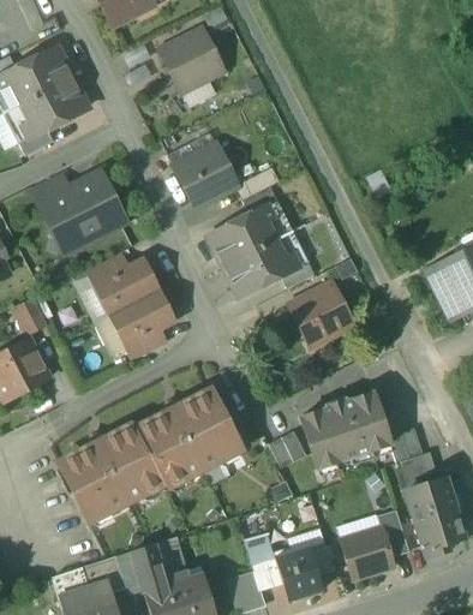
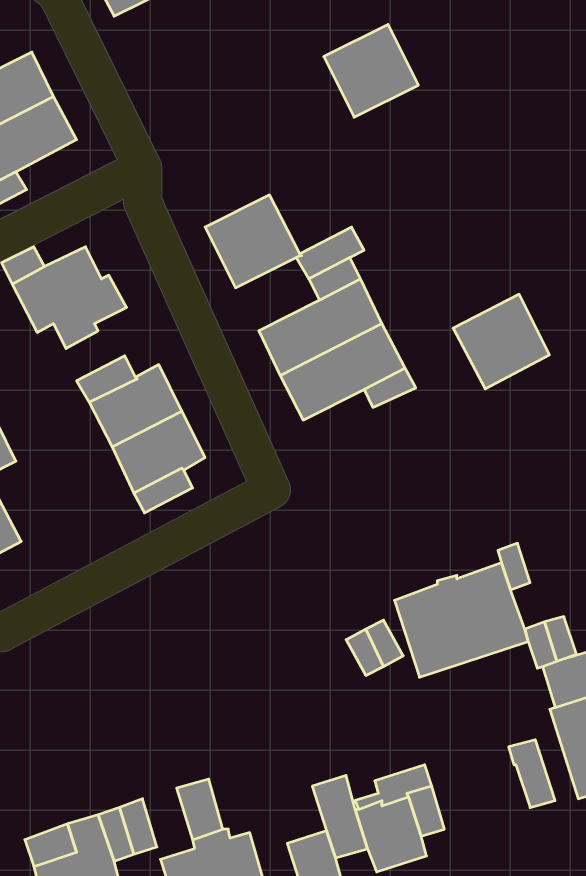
building: [160,29,223,91] -> [324,24,418,117]
building: [288,282,353,346] -> [453,294,549,389]
building: [61,393,239,519] -> none
building: [340,527,394,579] -> none
building: [131,543,166,591] -> none

